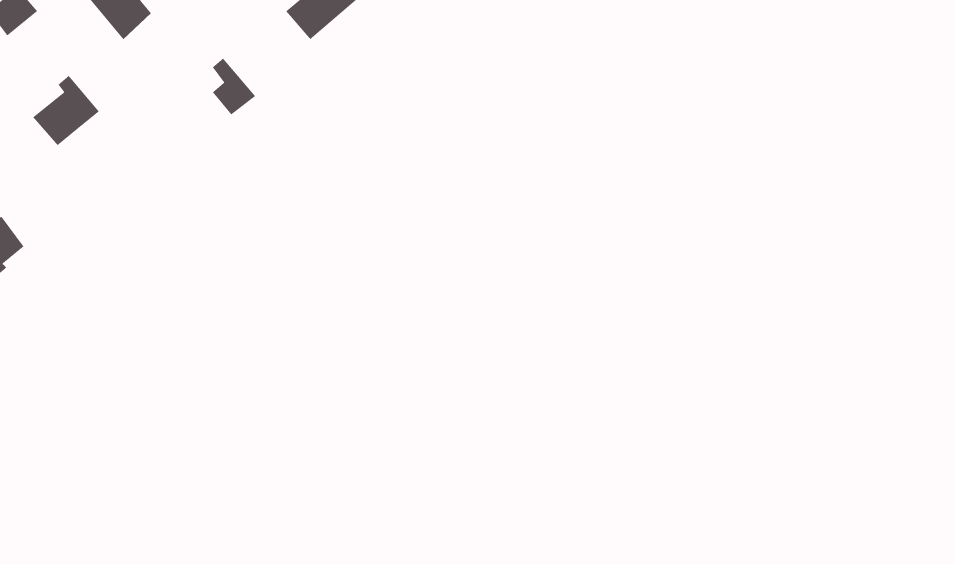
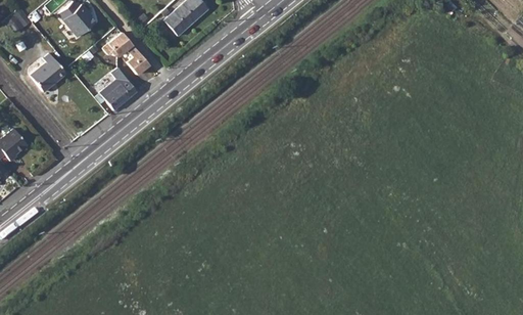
building: none -> [102,32,132,56]
building: none -> [100,79,131,109]

